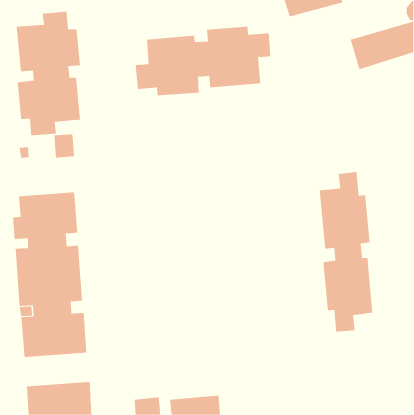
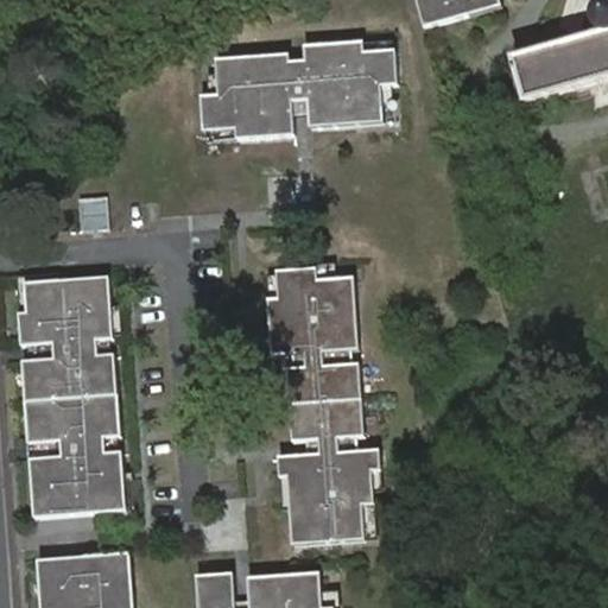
building: [16,11,81,136] -> none
building: [319,171,373,332] -> none
building: none -> [266,265,380,543]

